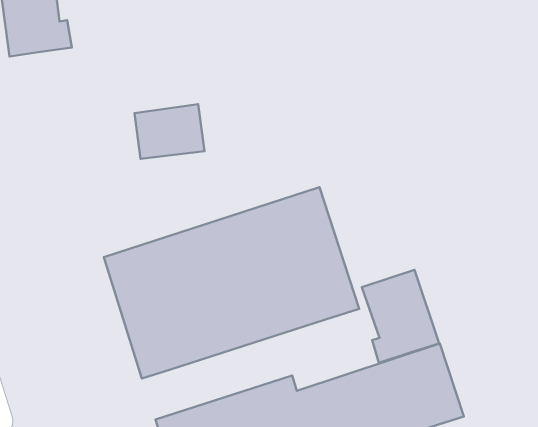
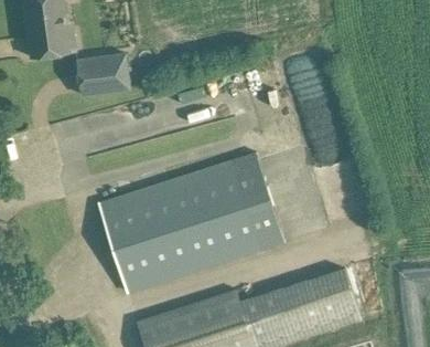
building: [134,104,204,159] -> [76,56,127,96]
building: [362,270,439,363] -> none

